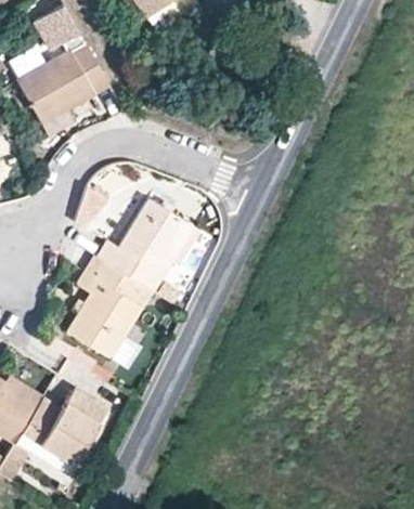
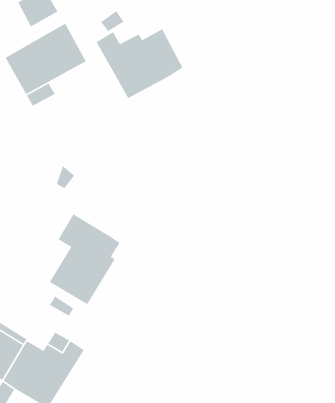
building: none -> [96,28,184,99]
building: [98,198,200,291] -> none

